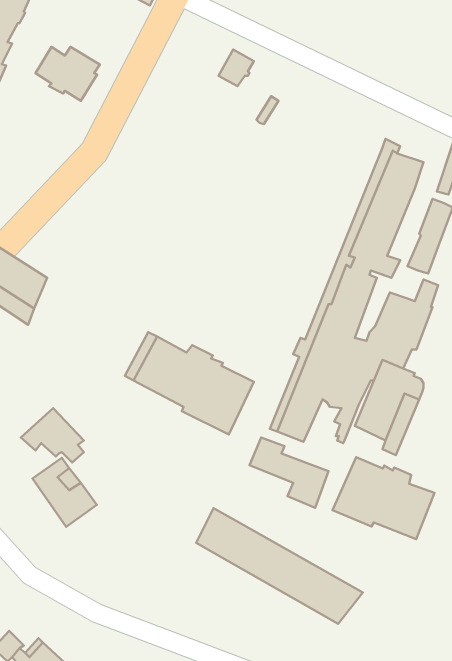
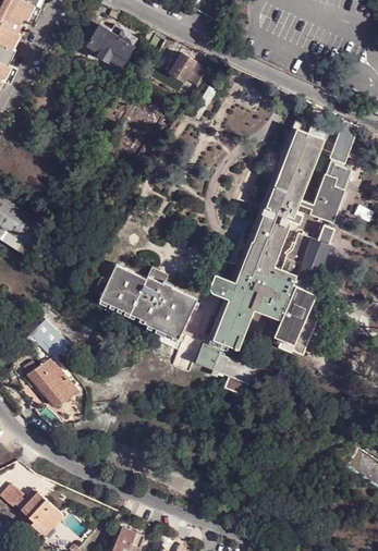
building: [35,47,100,101] -> [87,26,135,66]
building: [333,457,434,539] -> none
building: [196,508,363,624] -> none

